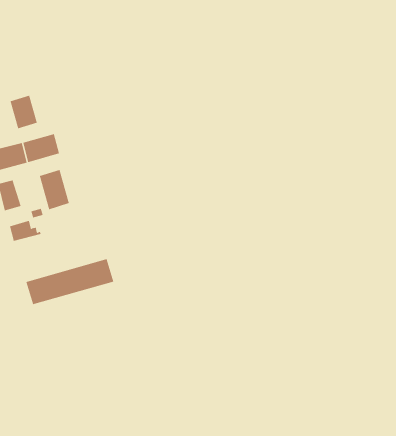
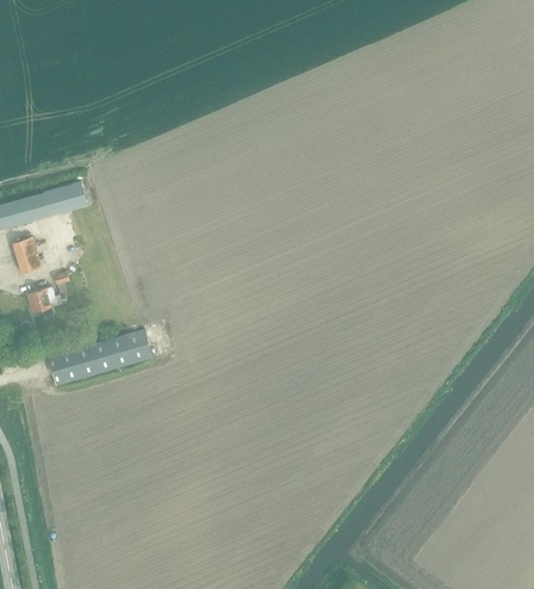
building: [10,95,37,129] -> none
building: [39,169,70,210] -> none

